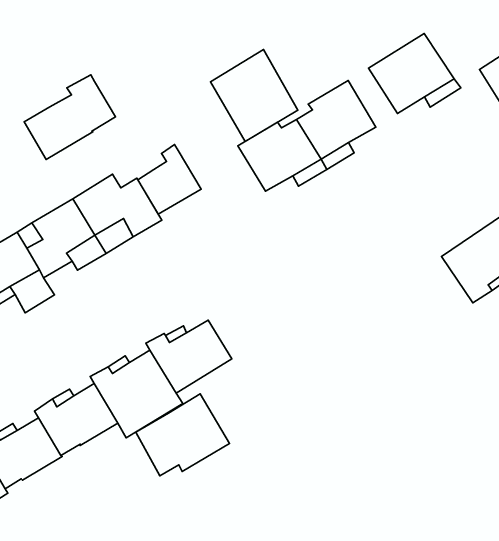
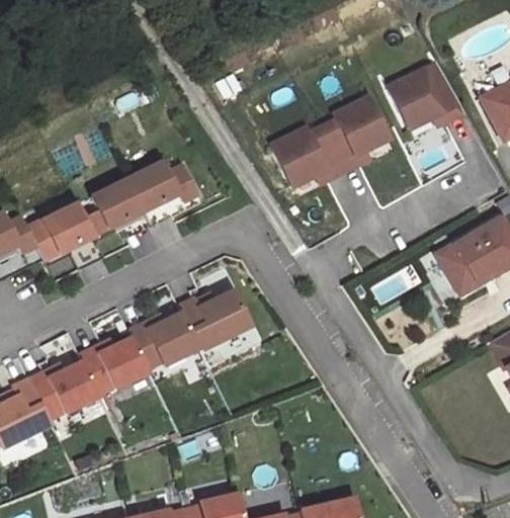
building: [211,49,298,141] -> none
building: [24,75,115,159] -> none
building: [138,145,201,214] -> none
building: [136,394,229,476] -> none

